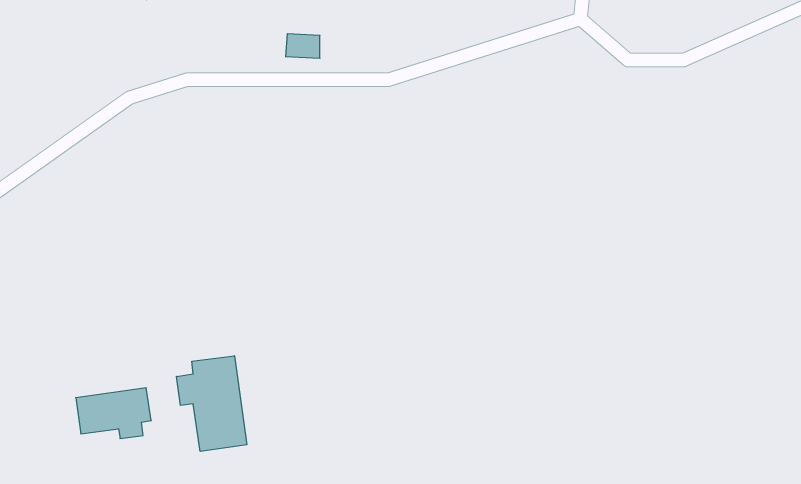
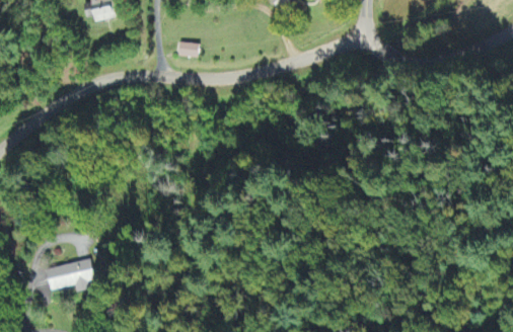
building: [176,356,247,451] -> none

